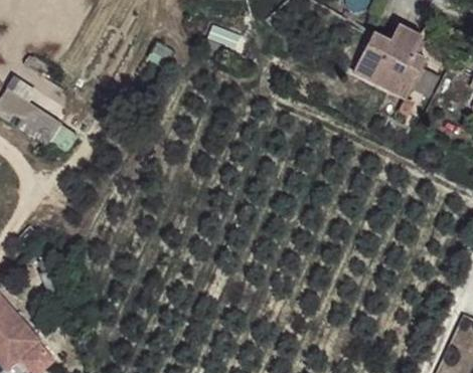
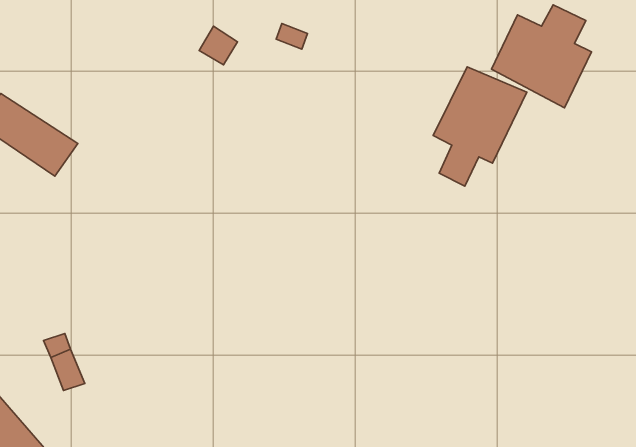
building: none -> [433,67,527,186]

